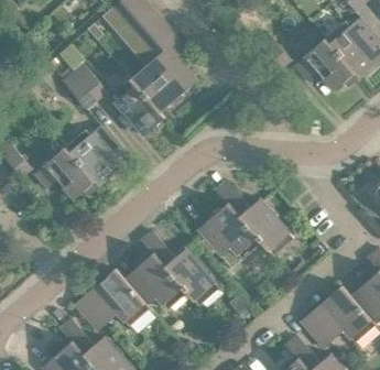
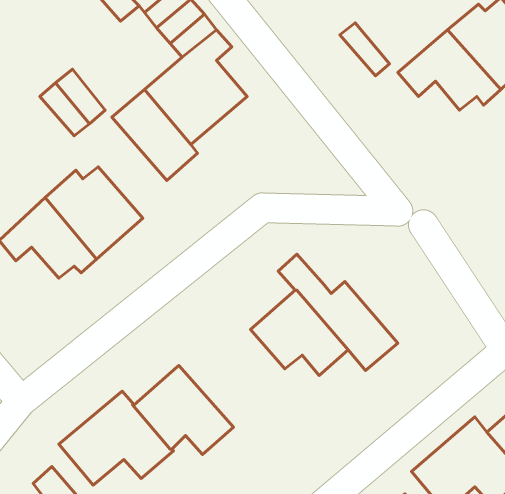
building: [141,231,219,305] -> none

